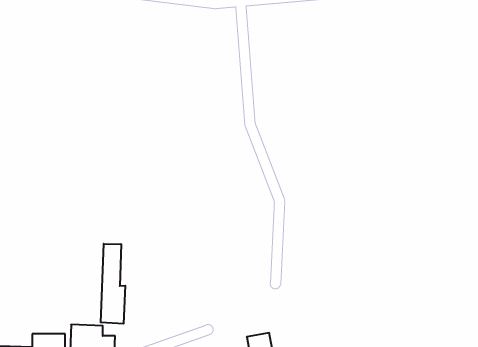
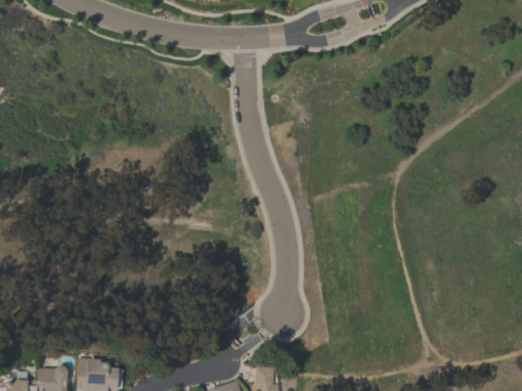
building: [101,244,125,324] -> none

